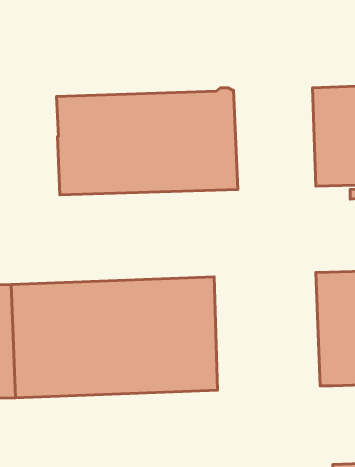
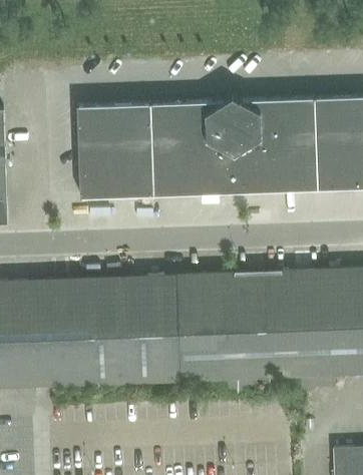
building: none -> [241,98,317,192]
building: none -> [223,253,334,391]

